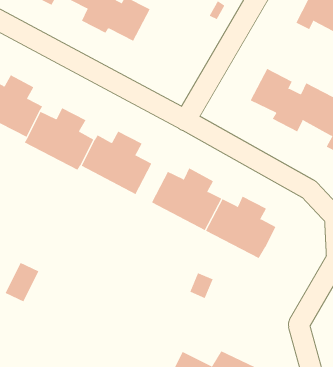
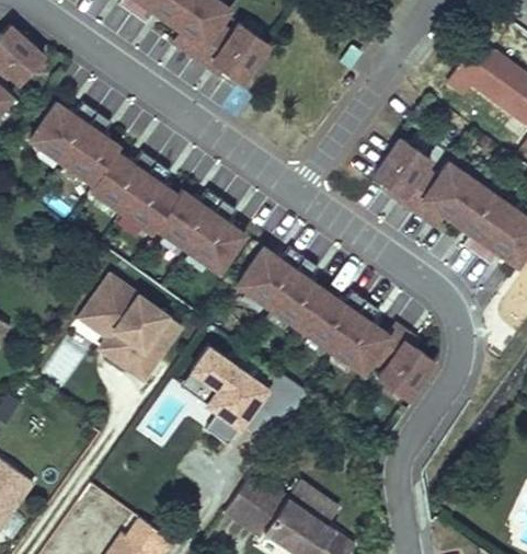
building: none -> [85,277,182,381]
building: none -> [371,325,434,400]
building: none -> [176,346,272,432]

